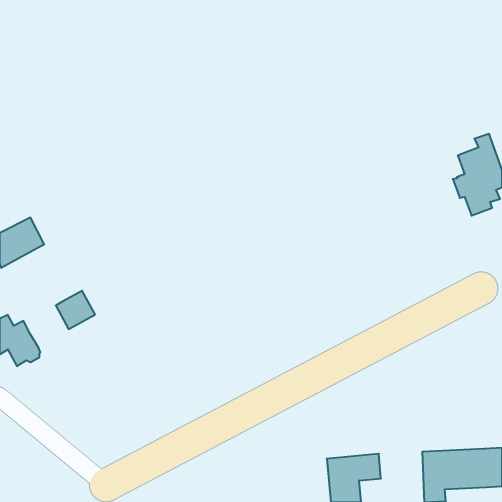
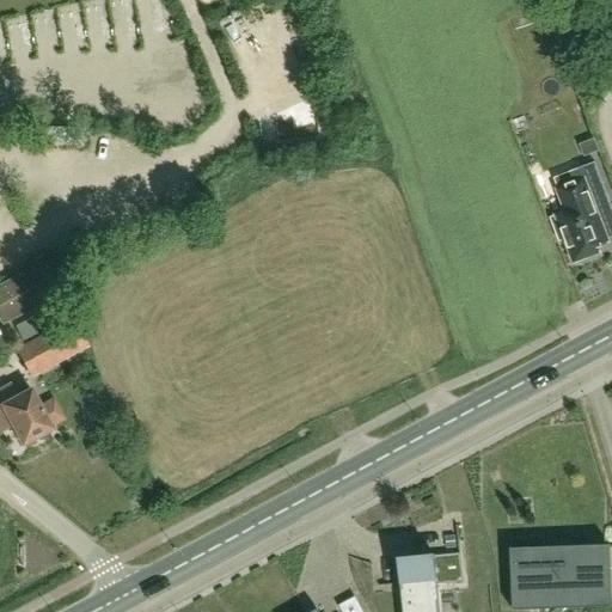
building: [56,291,95,329] -> [13,331,61,378]

